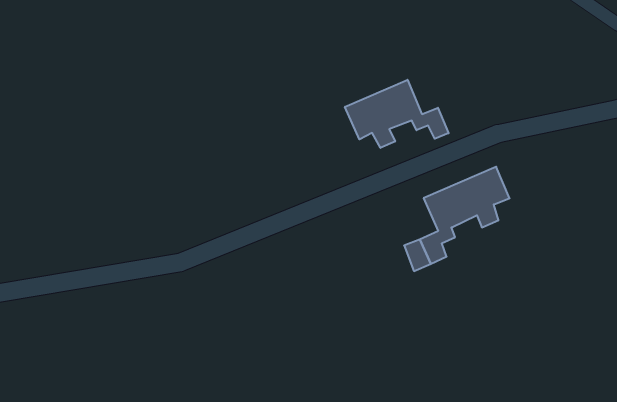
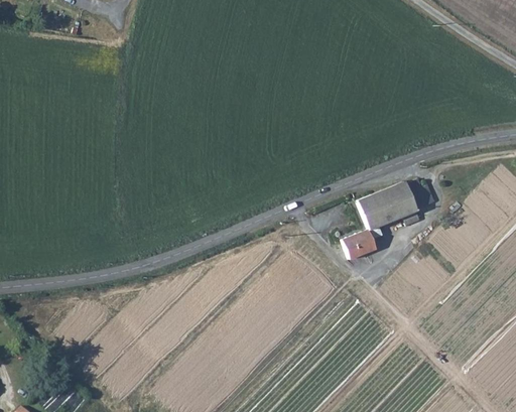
building: [345,80,449,148] -> none

